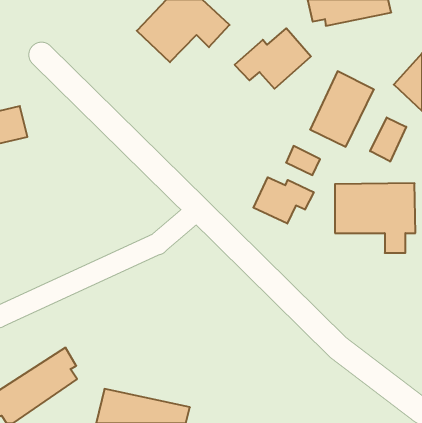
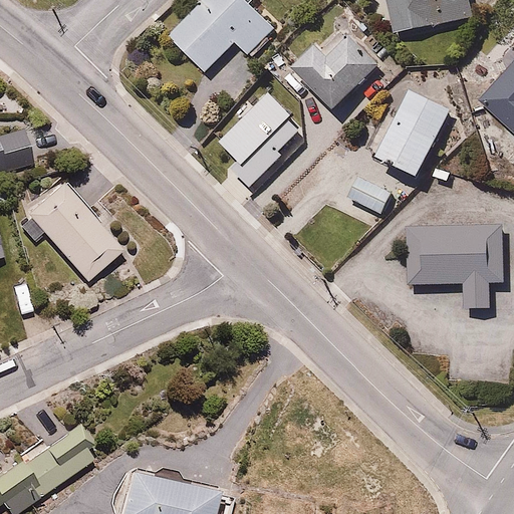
building: none -> [218,91,300,187]
building: [370,117,406,162] -> none
building: none -> [25,179,123,280]
building: [253,177,314,224] -> none

